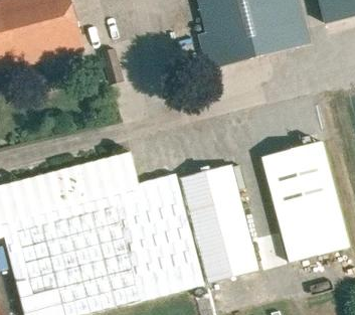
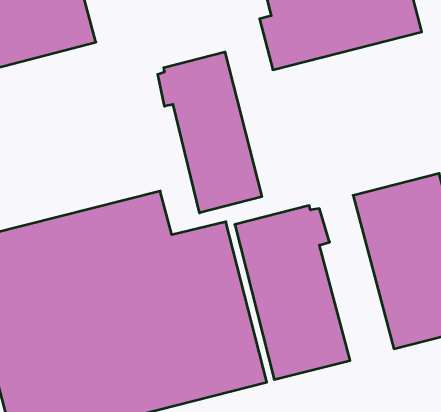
building: none -> [158,52,262,213]

